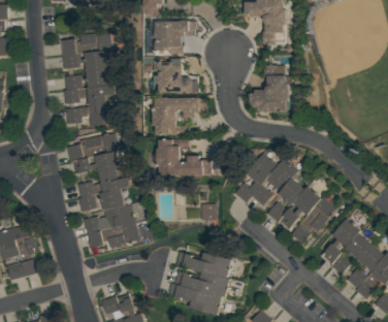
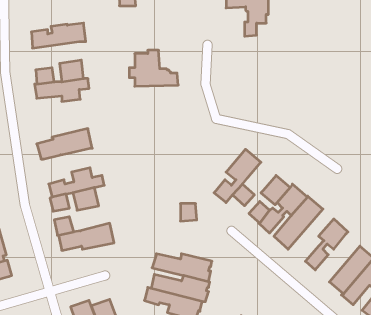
building: [150,21,194,55] -> none
building: [61,50,107,70] -> none
building: [247,64,288,110] -> none
building: [152,96,205,134] -> none
building: [66,103,116,126] -> none
building: [156,138,209,175] -> none
building: [71,151,120,173] -> none
building: [265,158,297,191] -> none
building: [102,203,134,229] -> none
building: [329,232,371,278] -> none

